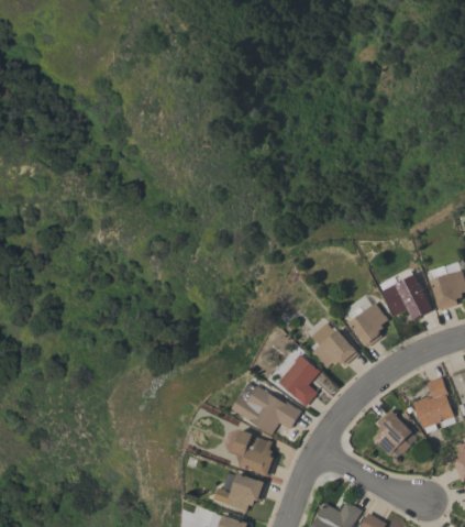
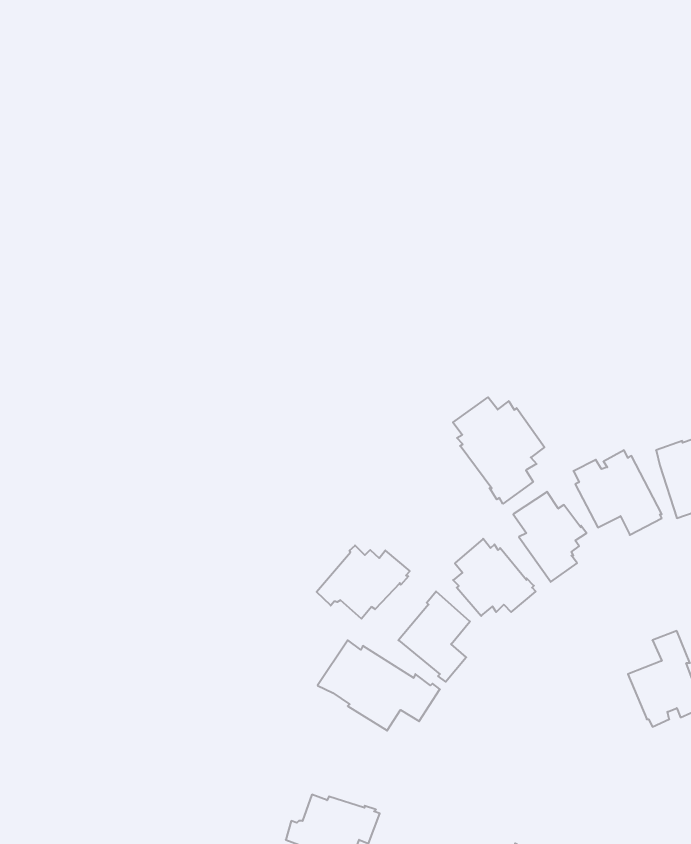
building: none -> [453,397,544,504]
building: none -> [317,545,410,619]
building: [374,409,417,454] -> none
building: [232,429,276,476] -> none

